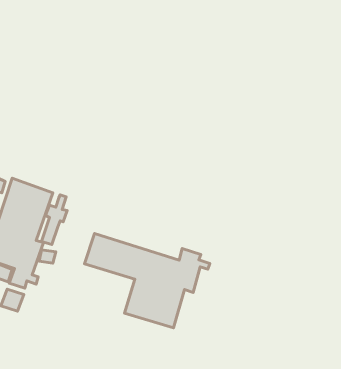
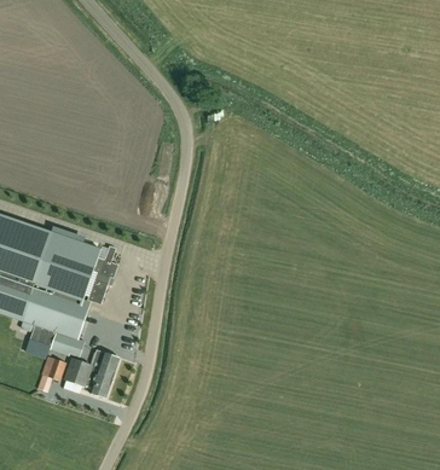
building: [85,234,210,328] -> none
building: none -> [63,348,118,396]

